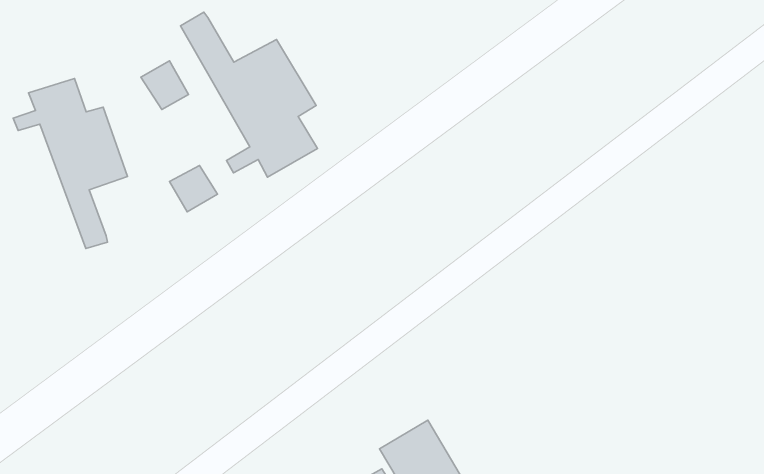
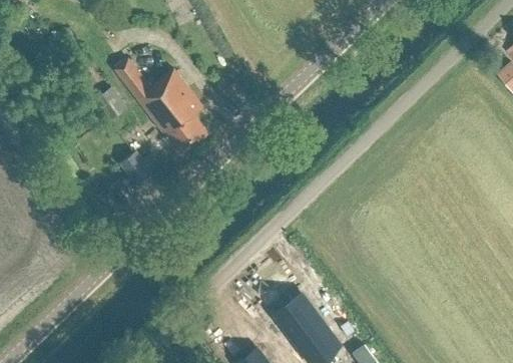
building: [13,78,127,249] -> none

